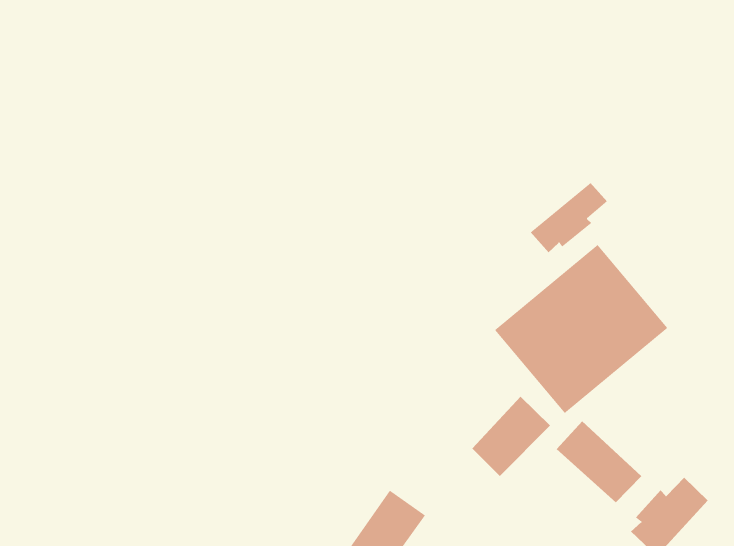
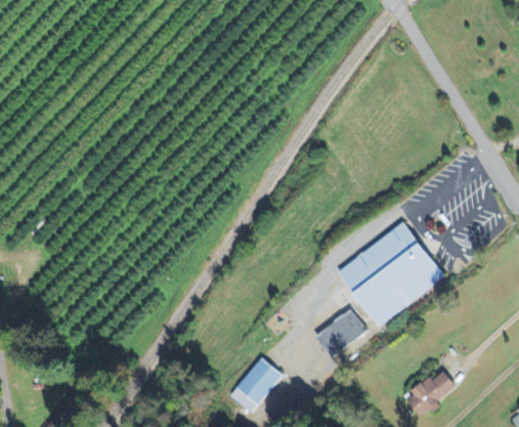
building: [530,182,608,253] -> none
building: [556,420,642,503] -> none

